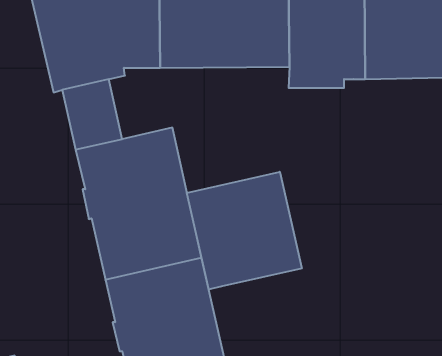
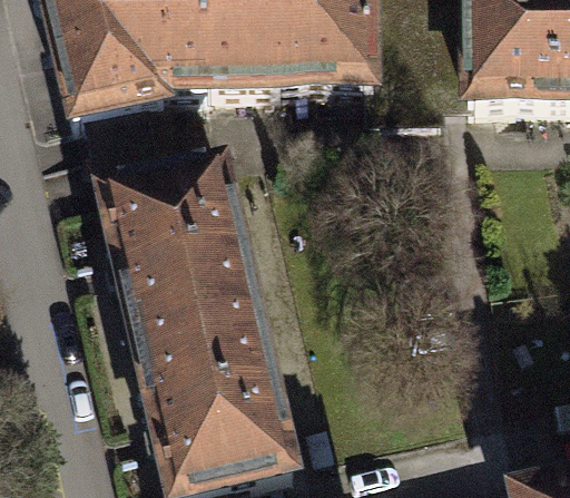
building: [187,172,302,289] -> none

